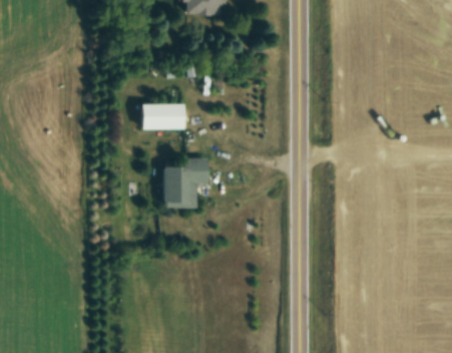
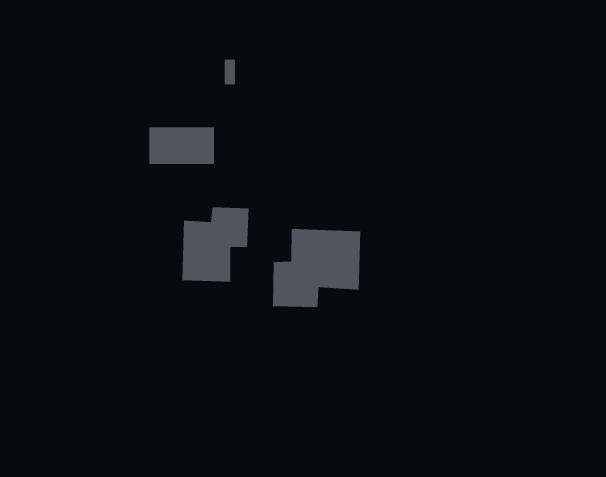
building: none -> [272,228,361,308]

